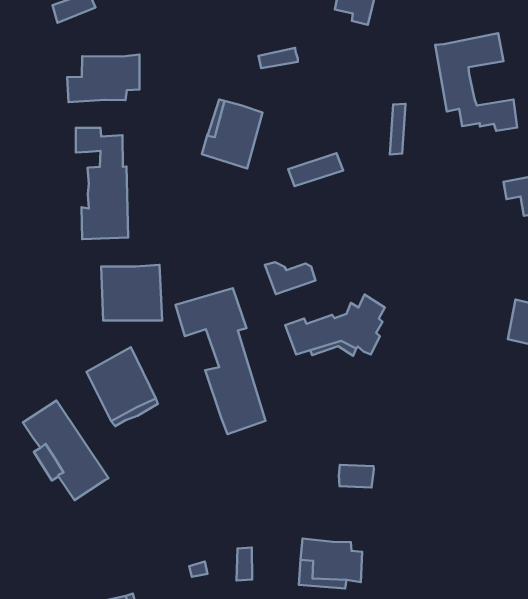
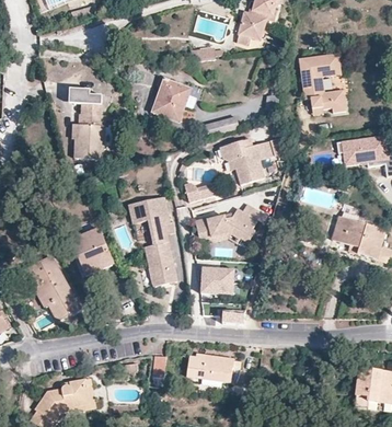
building: [67,54,139,102] -> none
building: none -> [219,142,275,186]
building: [101,265,162,321] -> none
building: none -> [199,268,233,293]

